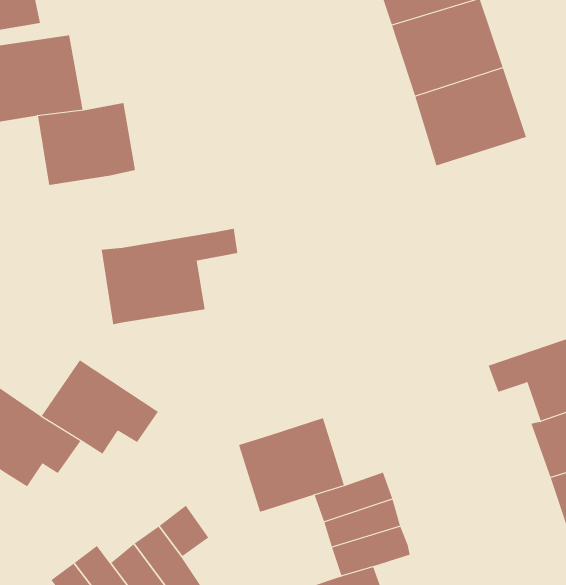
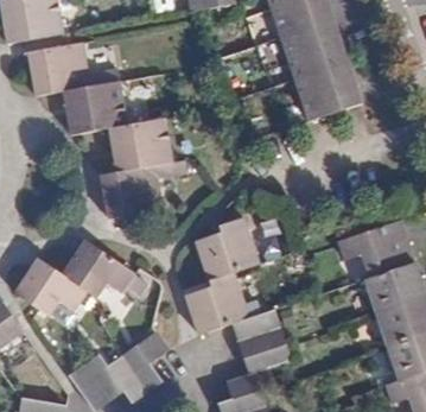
building: none -> [107,118,171,171]
building: none -> [190,218,254,286]

